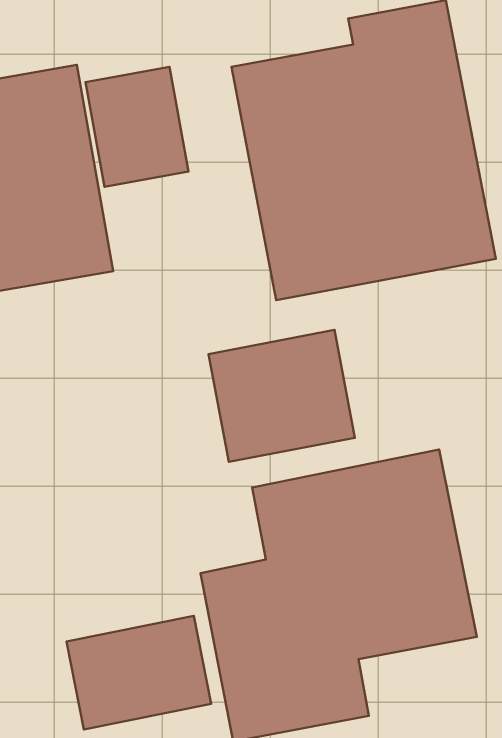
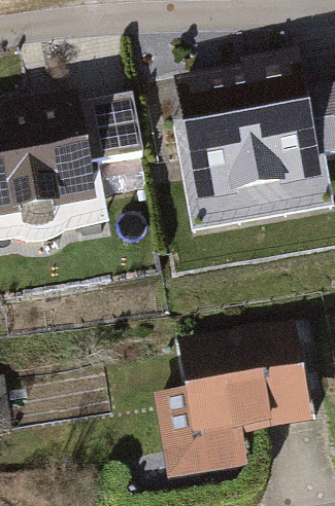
building: [208,330,355,462] -> none
building: [66,616,211,730] -> none

